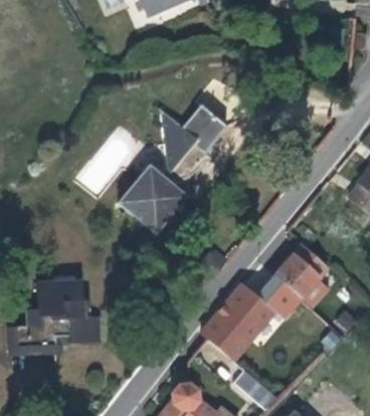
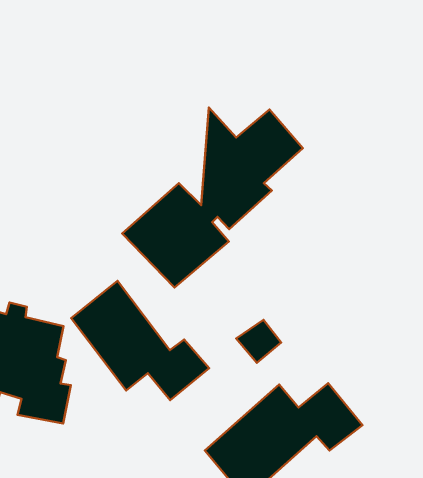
building: none -> [71,281,209,400]
building: [271,247,325,302] -> none

